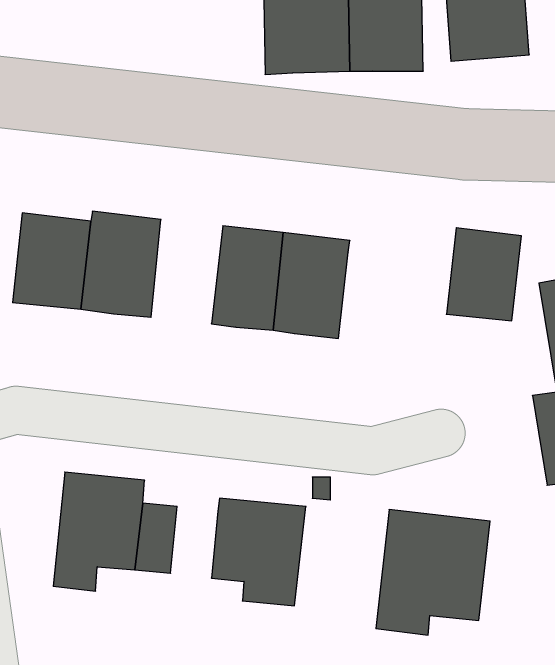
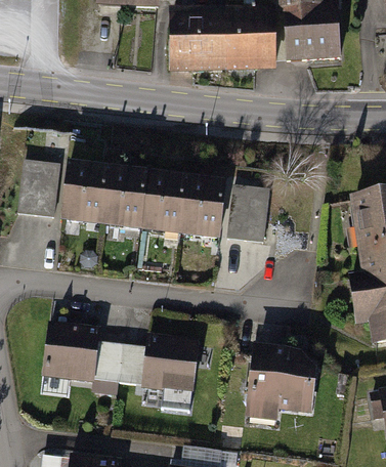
building: none -> [103,163,148,228]
building: [446,228,521,321] -> [221,183,268,242]
building: none -> [116,343,145,388]

